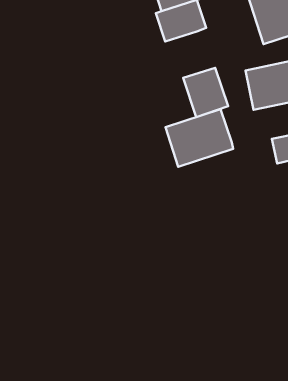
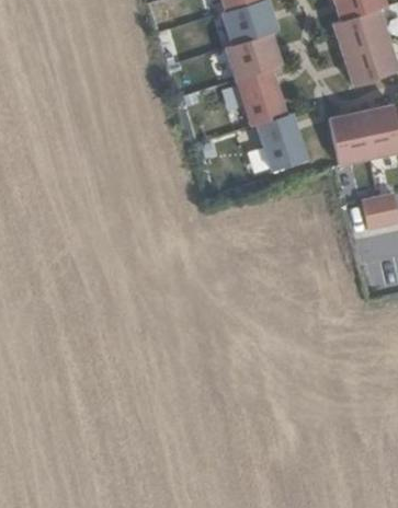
building: none -> [234,70,286,125]
building: [165,109,233,167] -> none

